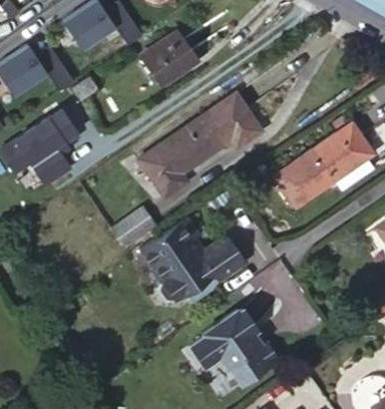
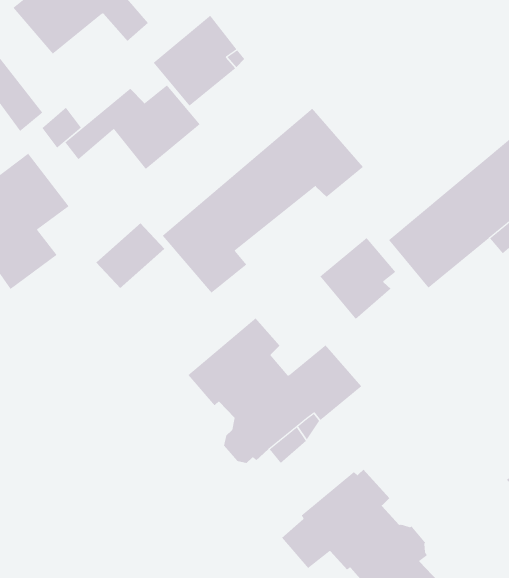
building: none -> [64,84,200,170]
building: none -> [319,237,396,320]
building: [111,209,153,247] -> [96,223,165,289]

